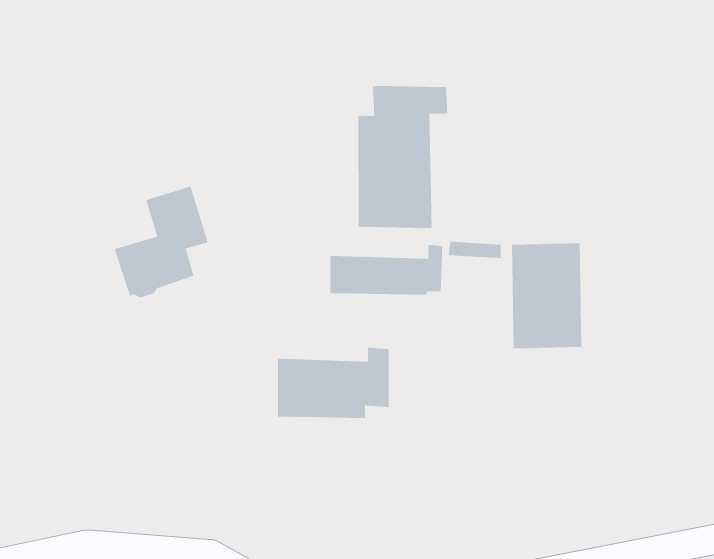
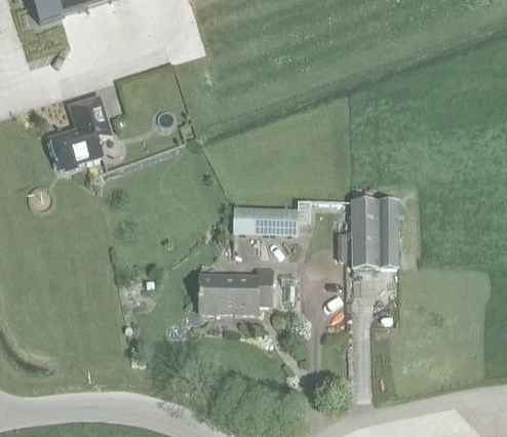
building: [358,85,448,229] -> none
building: [114,186,209,298] -> [49,95,111,168]

